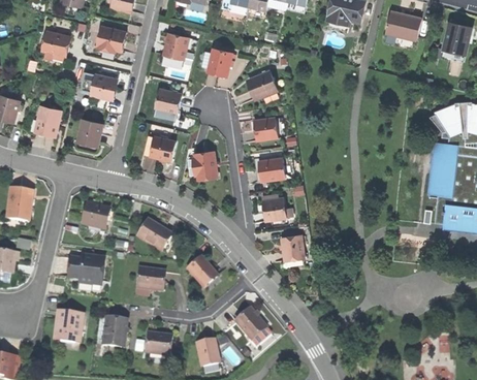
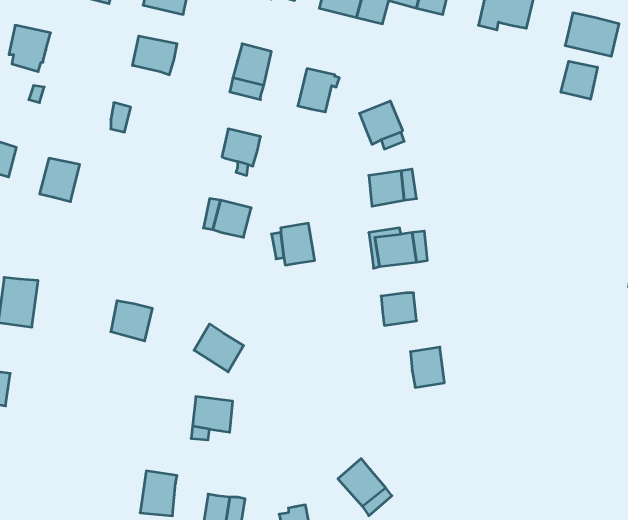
building: [42,30,70,61] -> [9,25,51,72]
building: none -> [561,61,597,99]
building: [90,73,115,98] -> none
building: [77,118,103,142] -> none
building: [70,255,104,285] -> none
building: [187,256,216,286] -> none
building: [54,310,84,342] -> none

